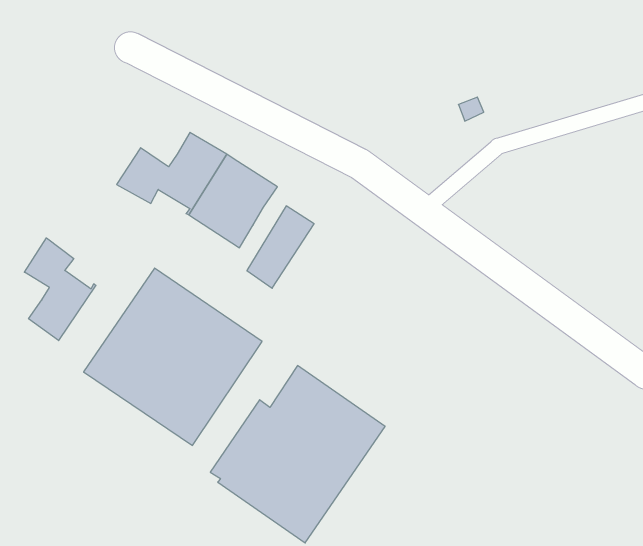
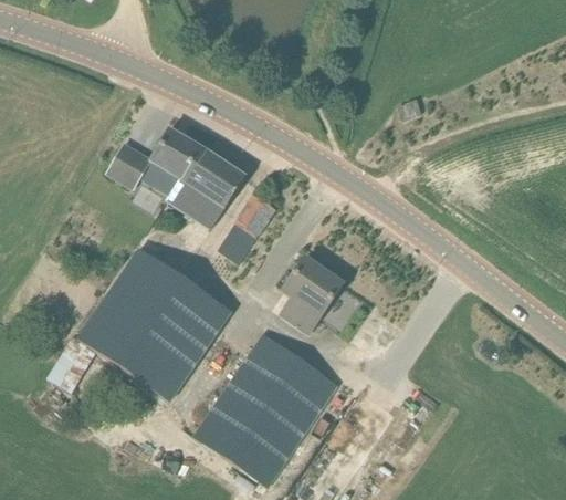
building: [24,238,96,341] -> none
building: none -> [280,258,343,333]

